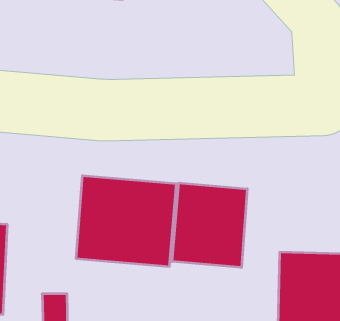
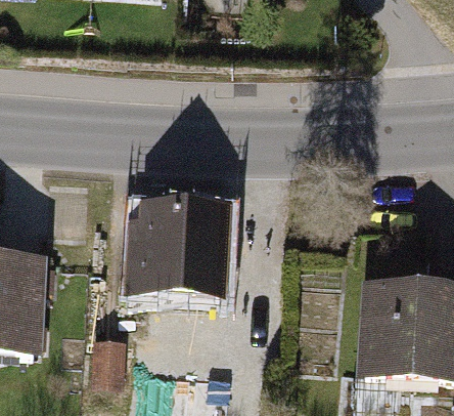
building: [172,183,247,268] -> none

